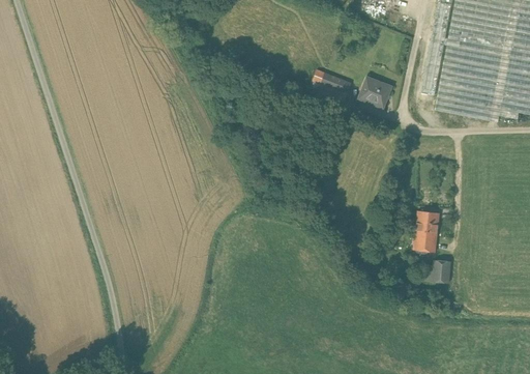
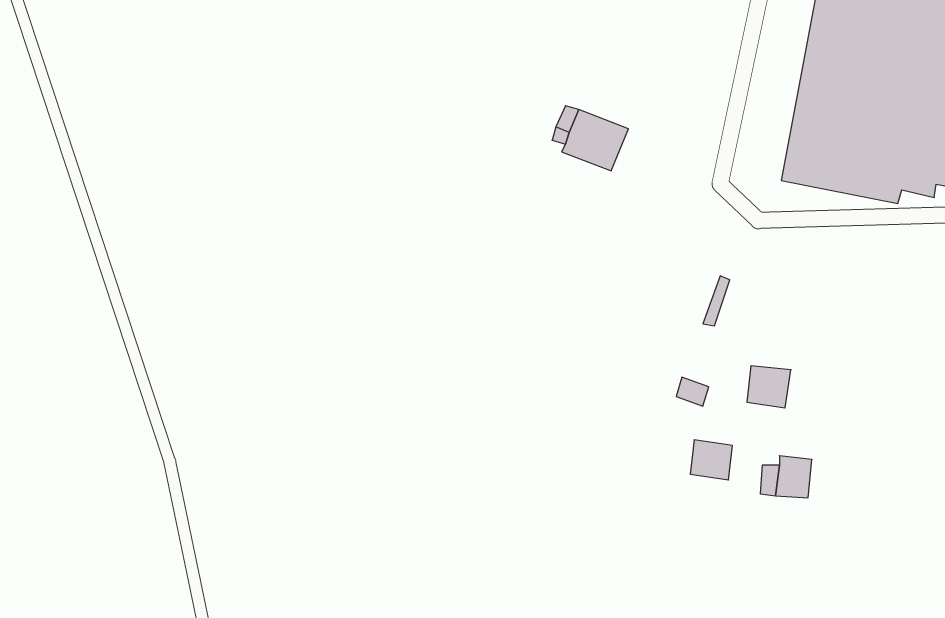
building: [360,76,392,108] -> none
building: [414,230,437,252] -> [690,440,732,480]

